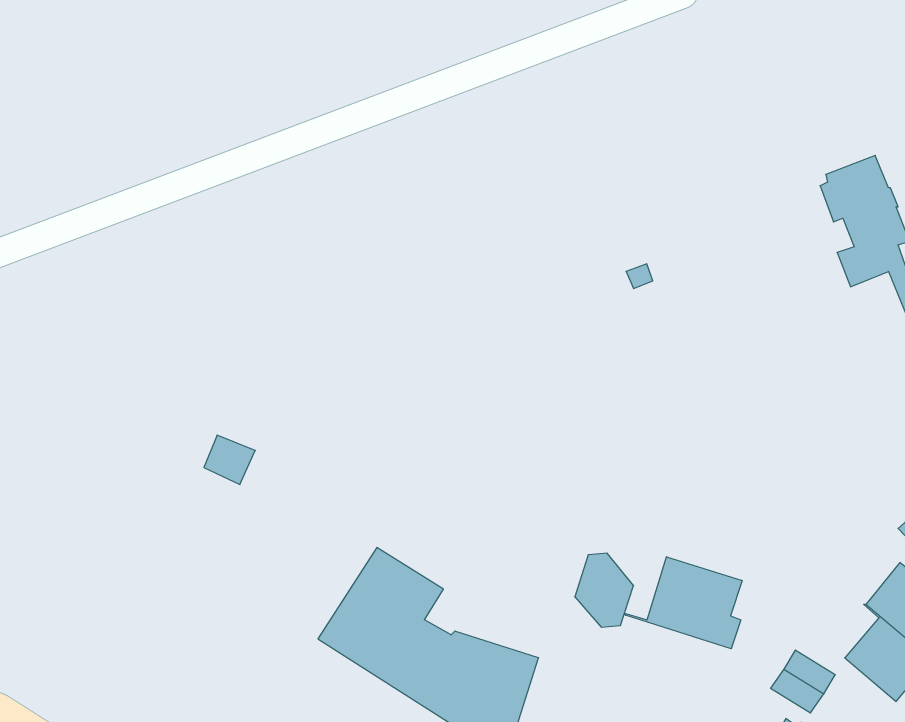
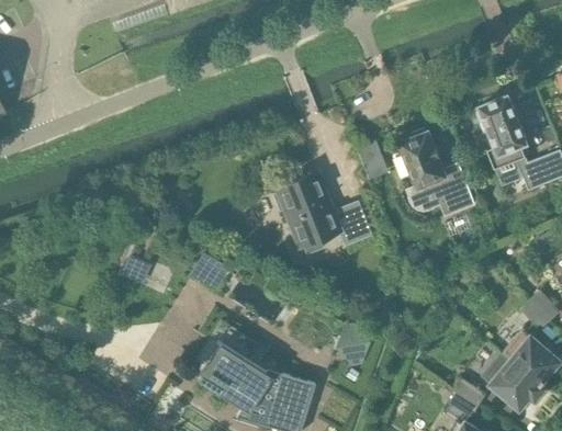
building: none -> [401,129,474,216]
building: none -> [273,172,369,256]
building: [624,557,742,649] -> none

